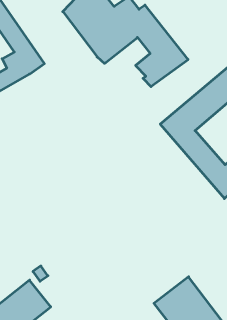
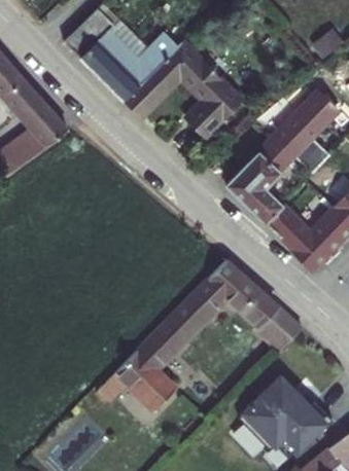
building: none -> [98,258,303,408]

